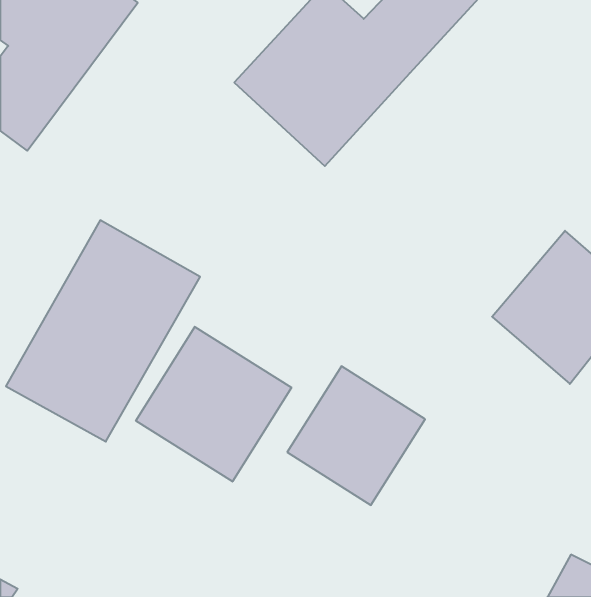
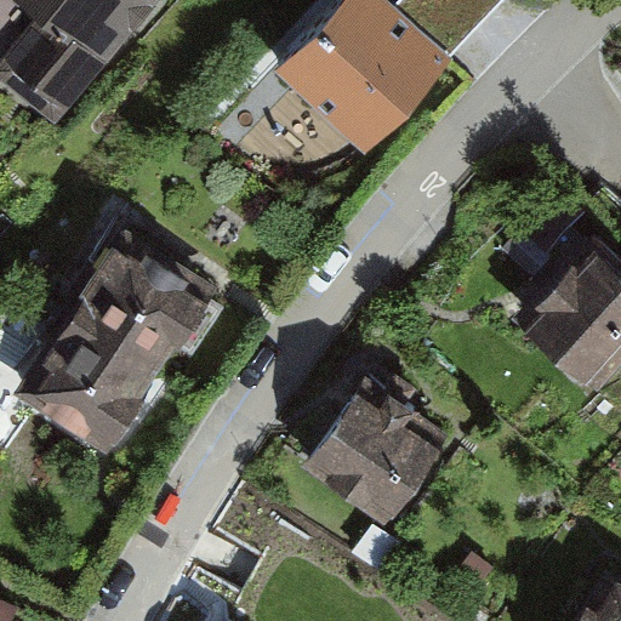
building: [136,327,291,482] -> none

